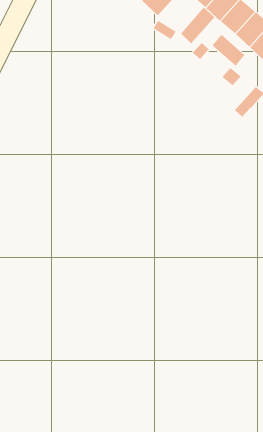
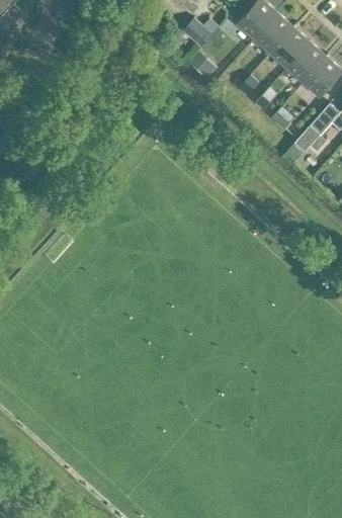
building: [180,7,215,44] -> none
building: [211,34,245,67] -> none

